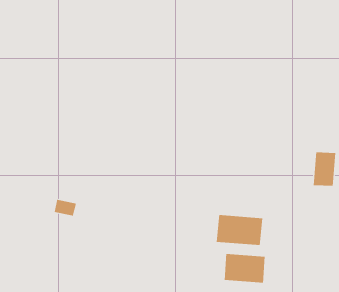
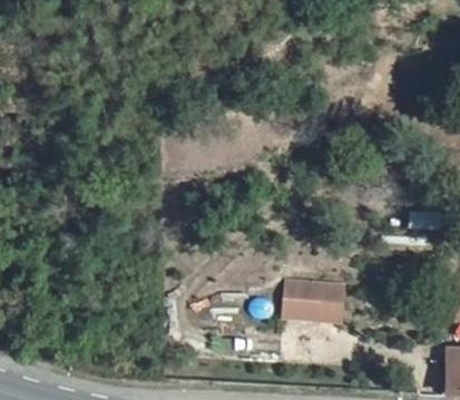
building: [224,253,265,284] -> none

